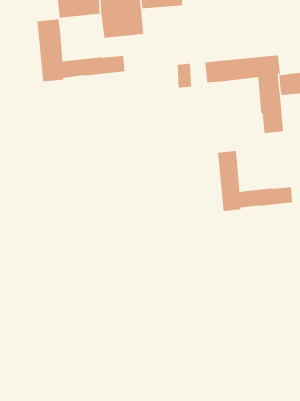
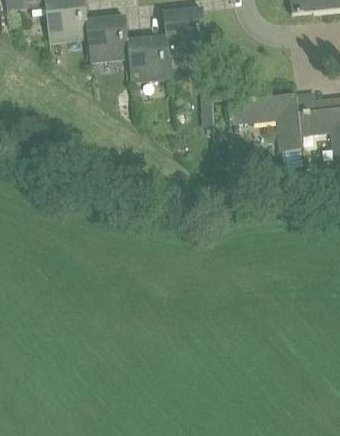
building: [36,19,125,82] -> none
building: [217,150,293,212] -> none

